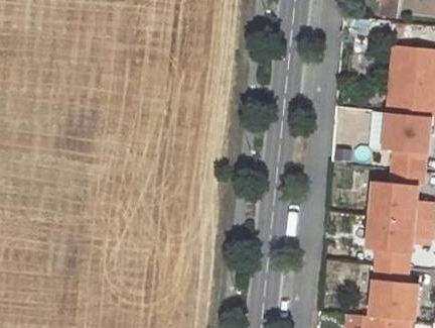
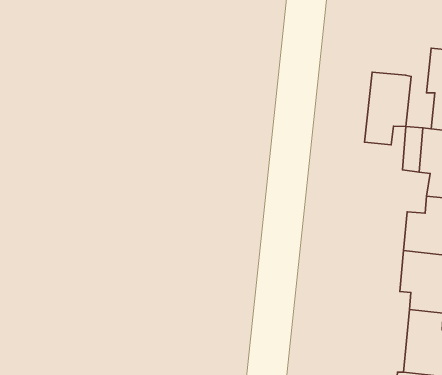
building: none -> [364,72,411,145]

